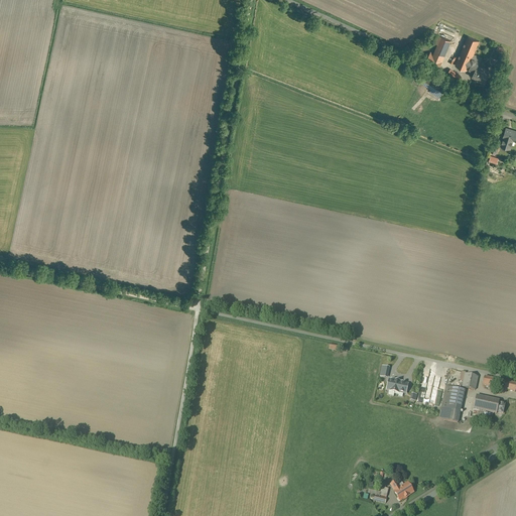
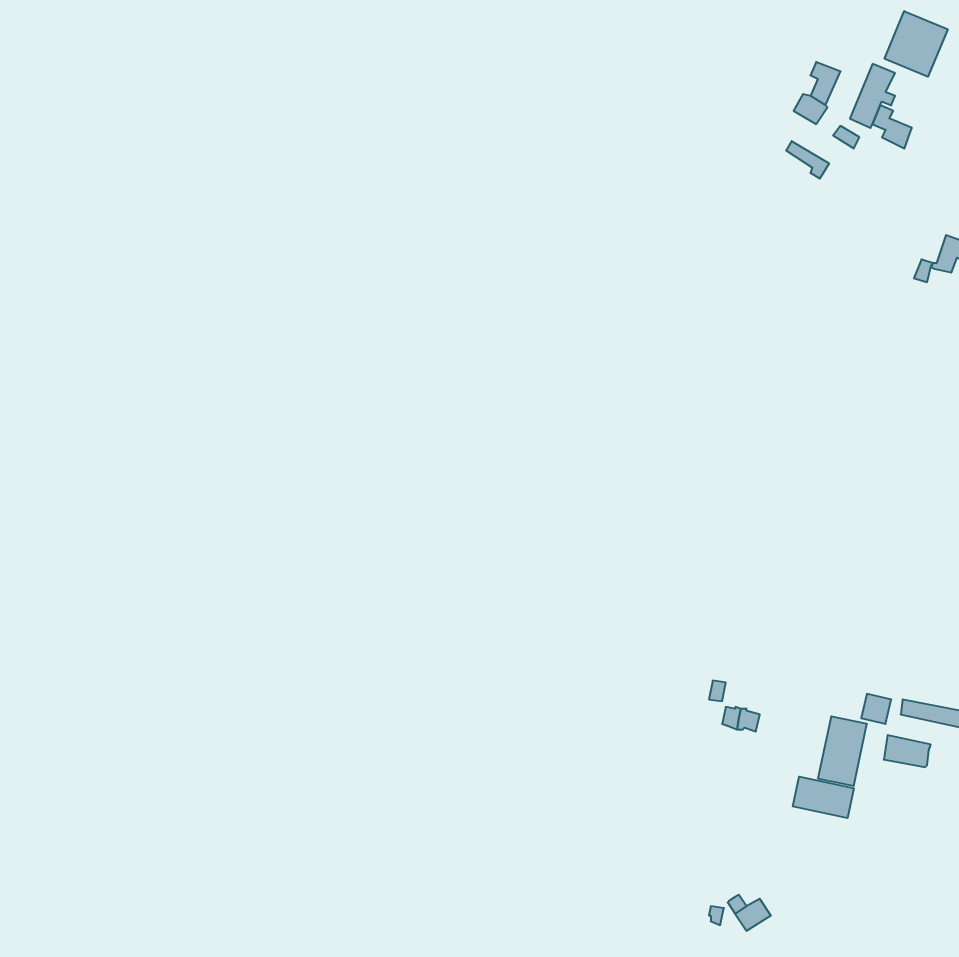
building: none -> [885,11,948,77]
building: none -> [793,777,854,818]

